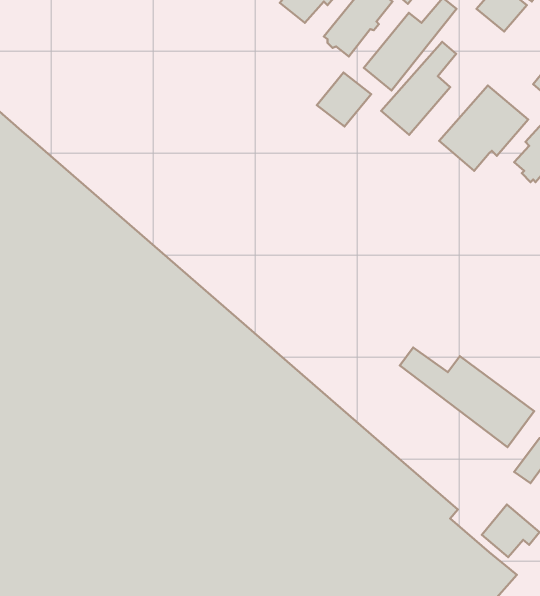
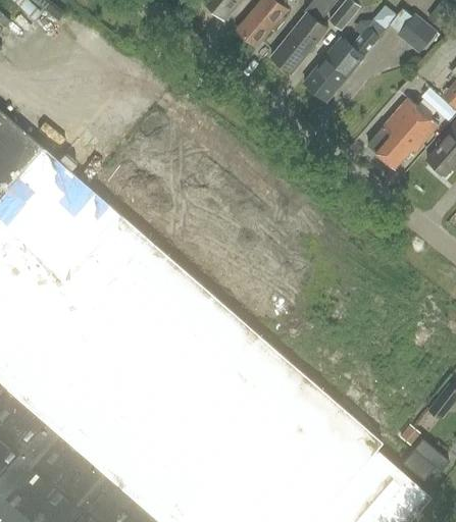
building: [381,42,456,135] -> none
building: [317,73,371,127] -> none
building: [400,348,534,447] -> none

